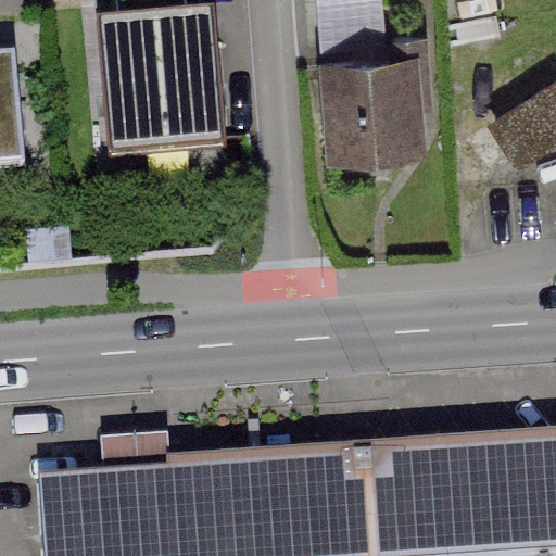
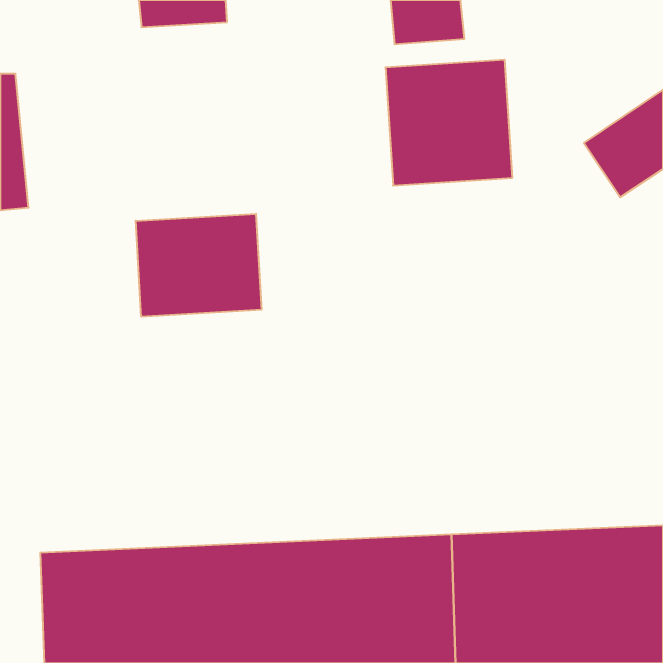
building: [101,21,219,157] -> none
building: none -> [136,214,262,317]

